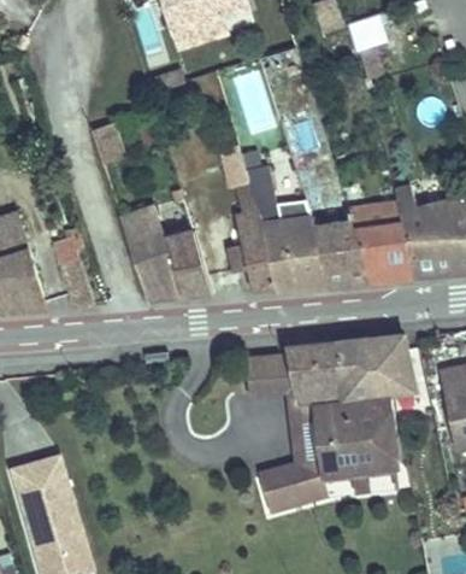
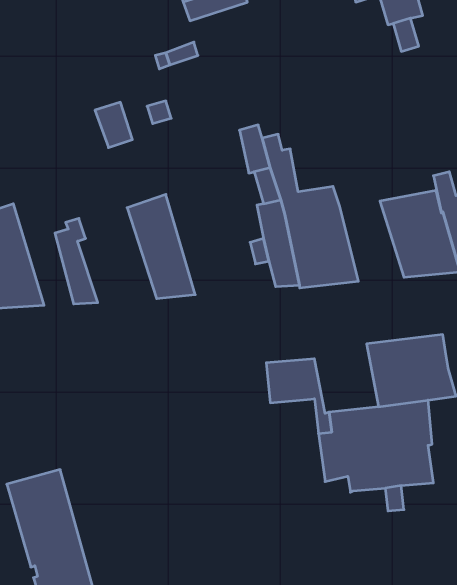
building: [311,211,368,283] -> none
building: [164,229,211,295] -> none
building: [285,340,346,403] -> none
building: [259,459,325,510] -> none

